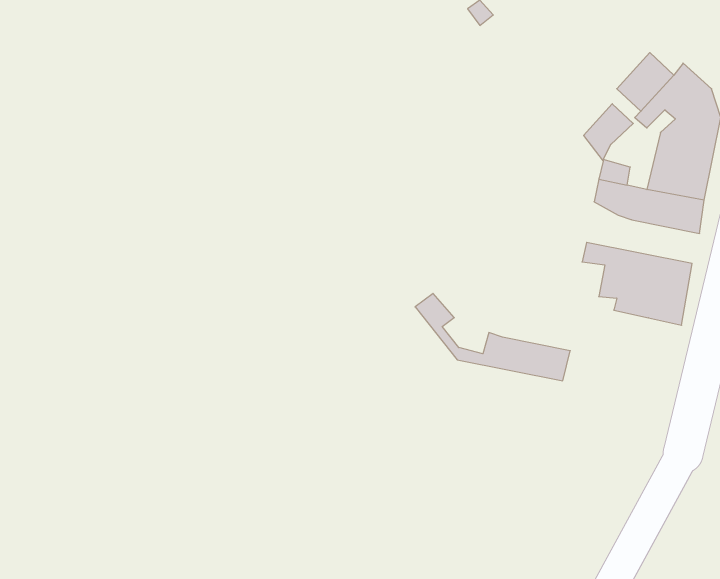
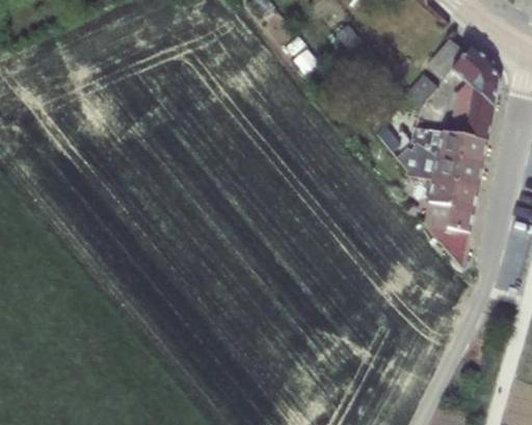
building: [415,293,570,381] -> [376,123,483,183]
building: none -> [435,220,471,268]

